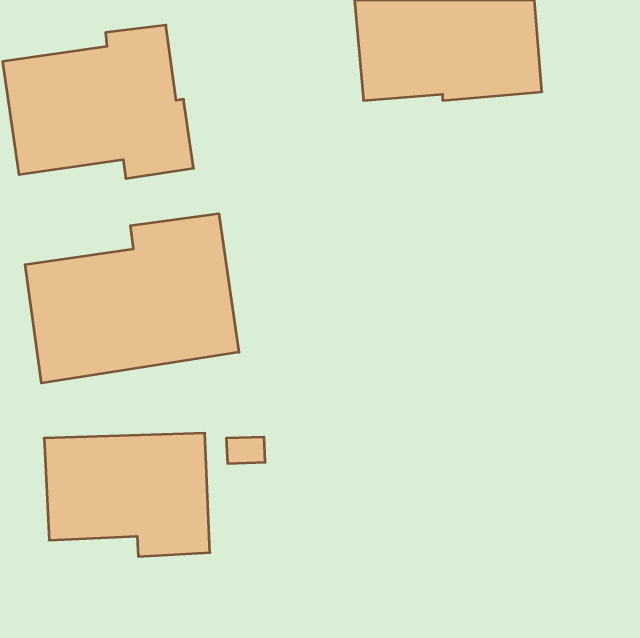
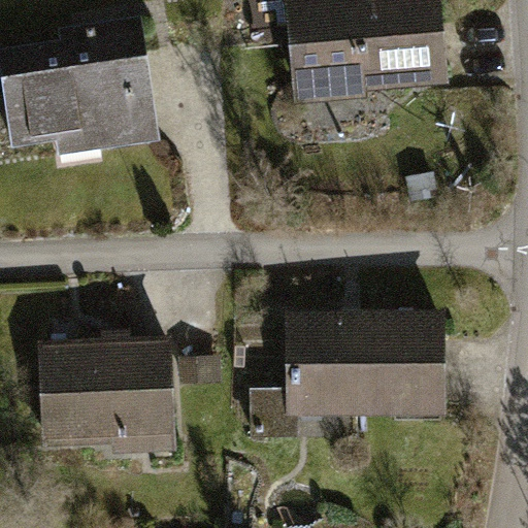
building: [25,214,239,383] -> none
building: none -> [249,303,440,446]

